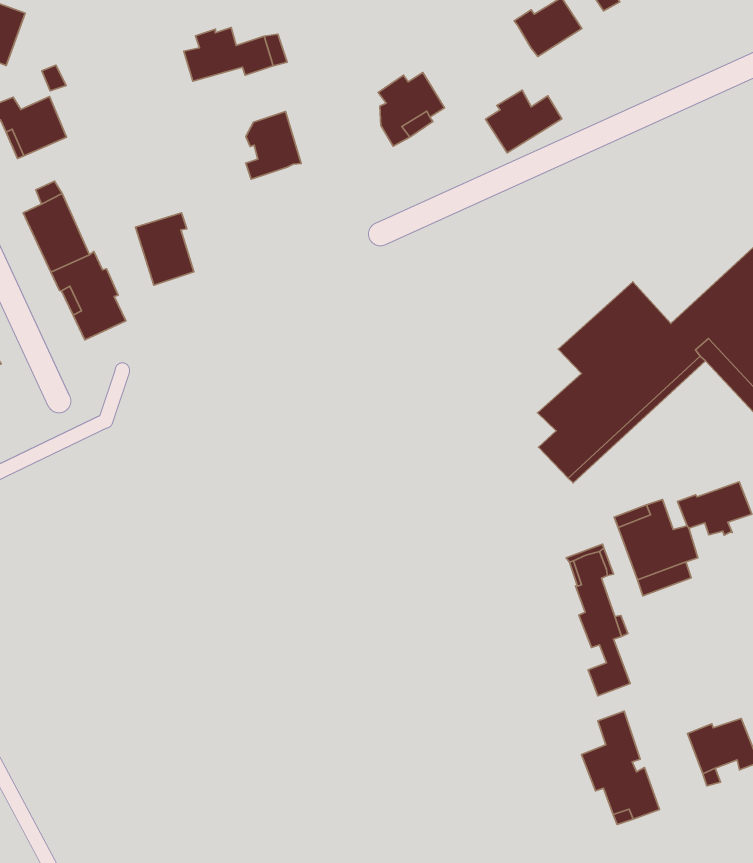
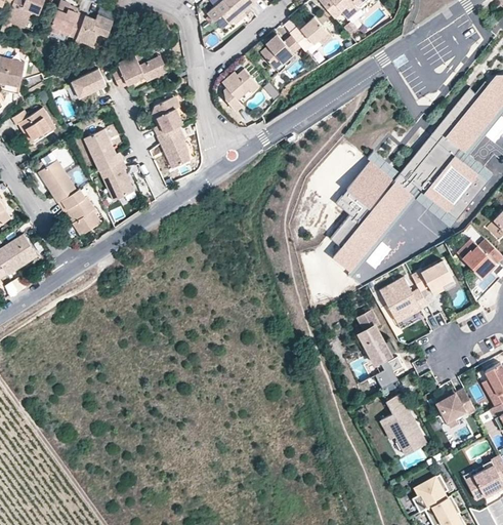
building: none -> [71,69,106,97]
building: [485,90,562,153] -> [257,32,298,67]
building: none -> [84,129,123,171]
building: none -> [157,125,191,168]

